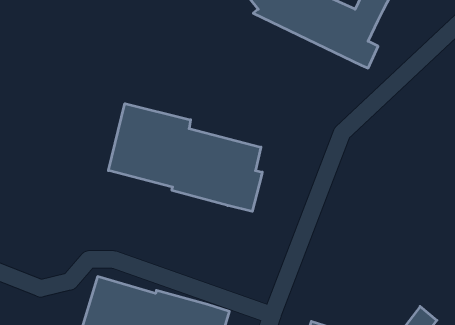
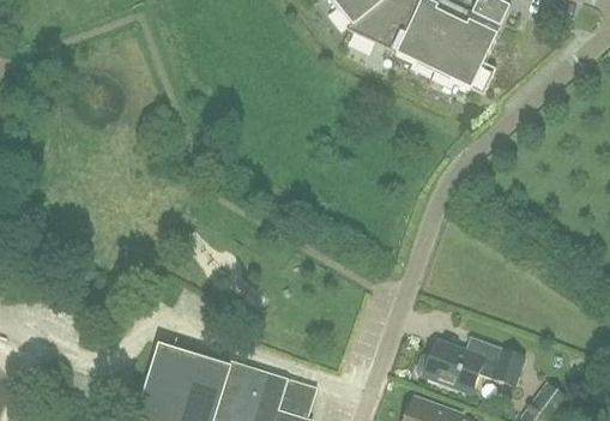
building: [108,104,262,211] -> none
building: none -> [416,336,524,391]

